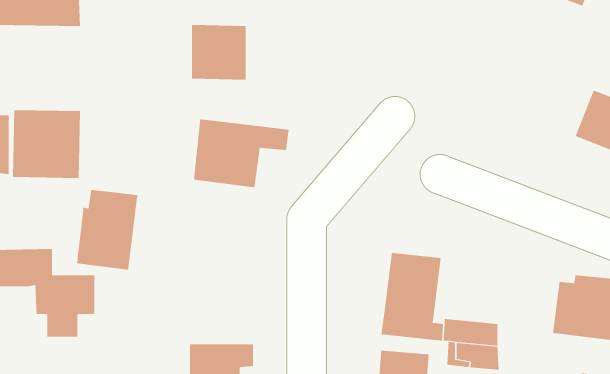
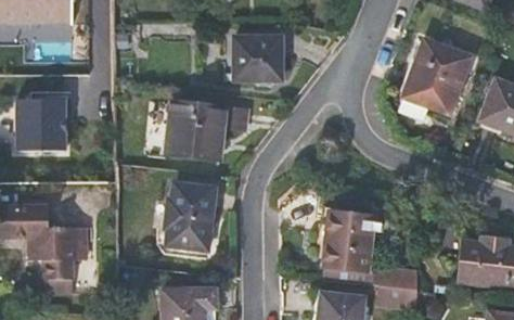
building: [191,24,247,80] -> [233,38,279,84]
building: none -> [403,43,467,114]
building: [76,190,138,270] -> [164,182,215,248]

